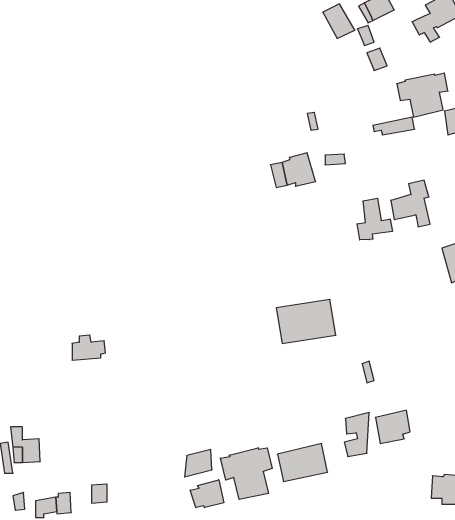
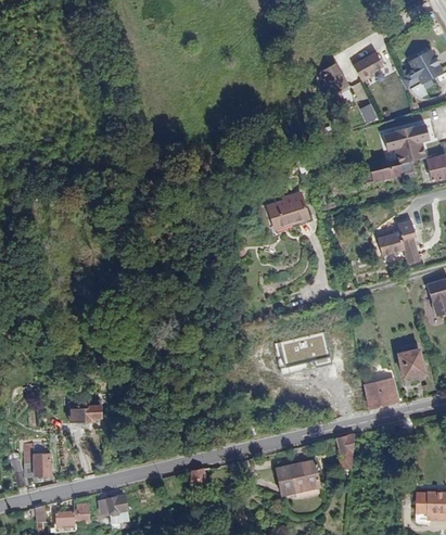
building: [357,198,392,240] -> none
building: none -> [396,351,422,379]
building: [72,335,105,360] -> [71,396,101,419]
building: [375,410,410,444] -> [364,381,395,411]
building: [220,448,272,499] -> none
building: [190,480,224,508] -> none

